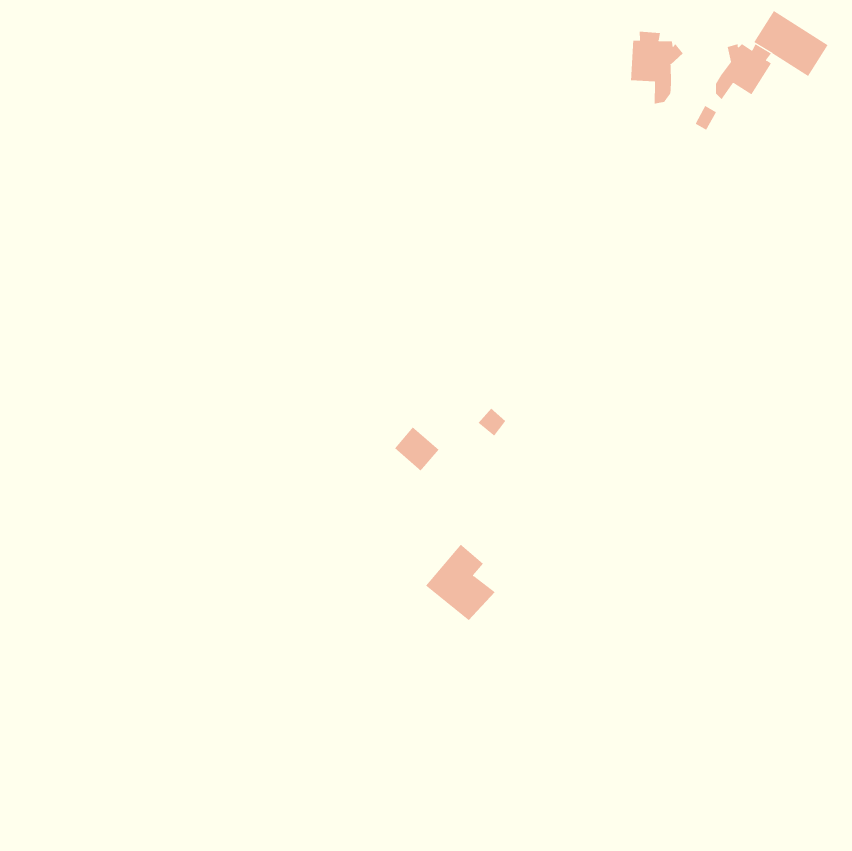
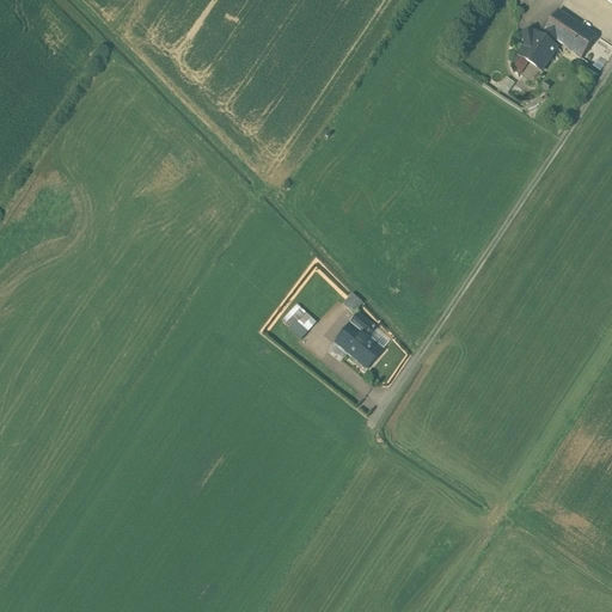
building: [631,31,684,104] -> none
building: [425,544,495,621] -> [335,313,385,368]

